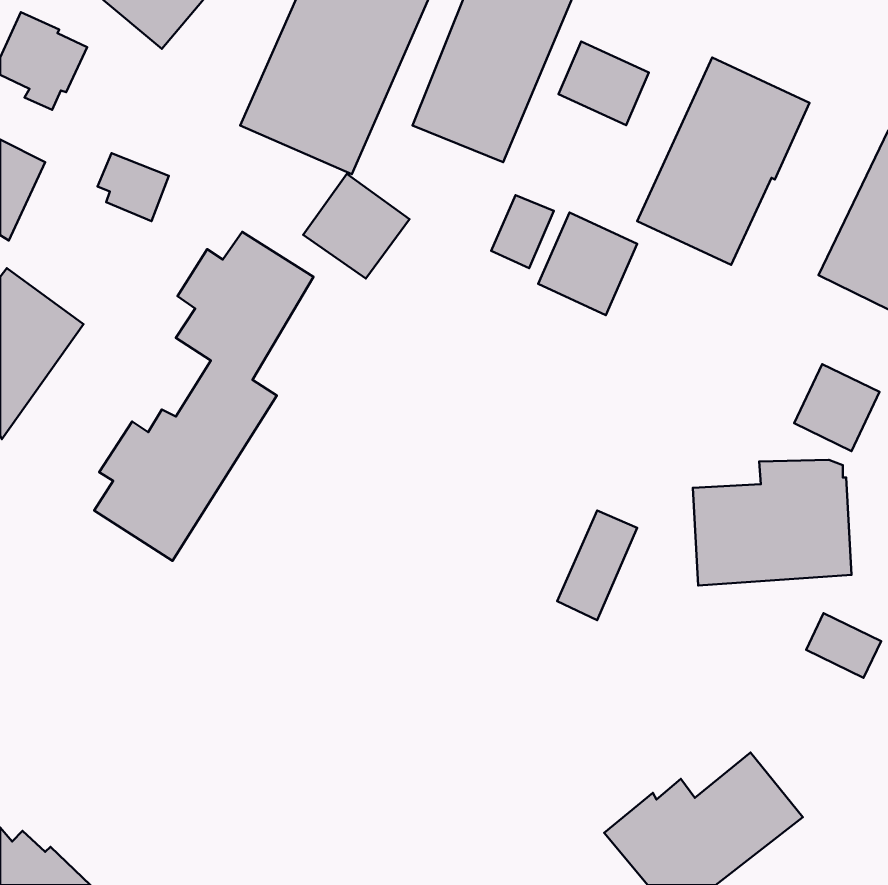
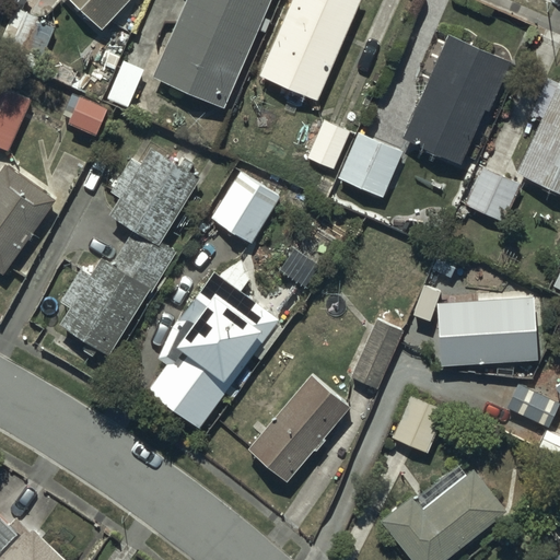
building: [559,42,649,125] -> none
building: [303,174,410,279] -> [212,179,279,245]
building: [794,364,879,451] -> [466,167,520,222]
building: none -> [149,273,277,428]
building: none -> [249,378,348,483]
building: none -> [392,397,446,454]

